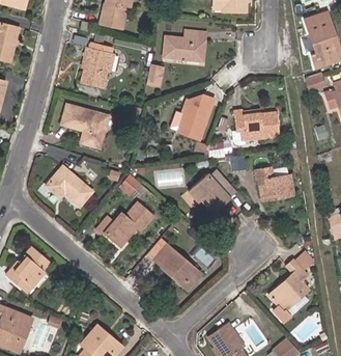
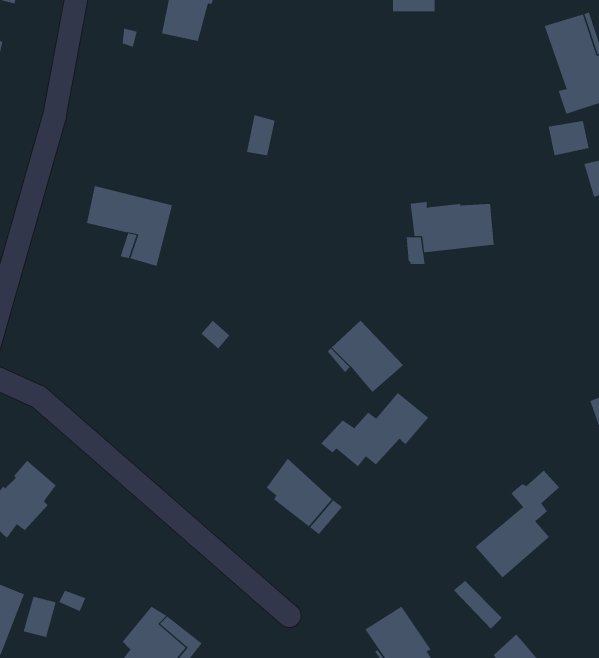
building: [161,30,205,58] -> none
building: [81,47,111,87] -> none
building: [180,94,214,139] -> none
building: [47,166,92,206] -> none
building: [254,166,292,196] -> none
building: [95,202,152,242] -> [321,392,429,467]

